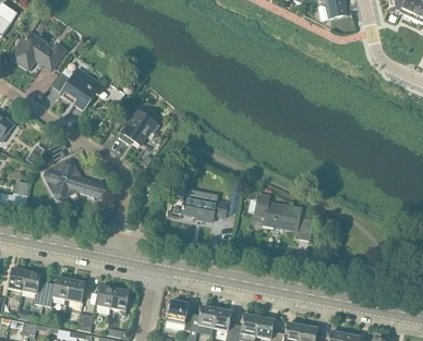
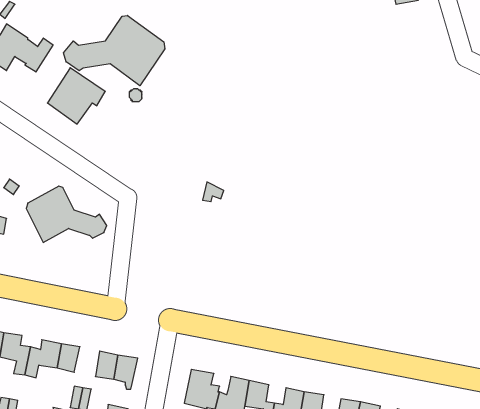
building: none -> [63,15,165,86]
building: [118,108,159,145] -> none
building: [181,180,242,221] -> none
building: [254,193,313,241] -> none

